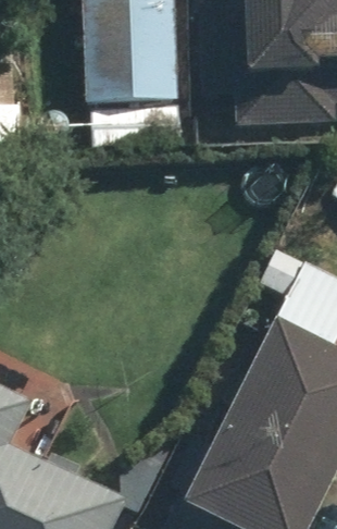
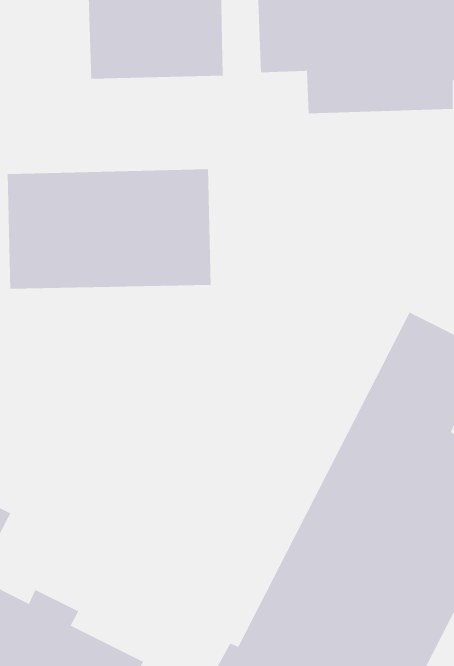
building: none -> [7,168,211,289]

